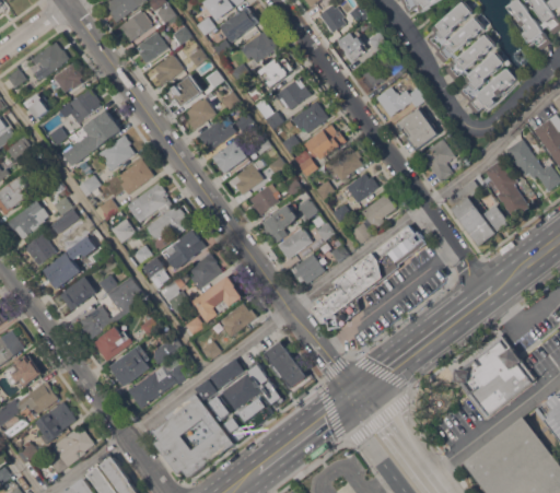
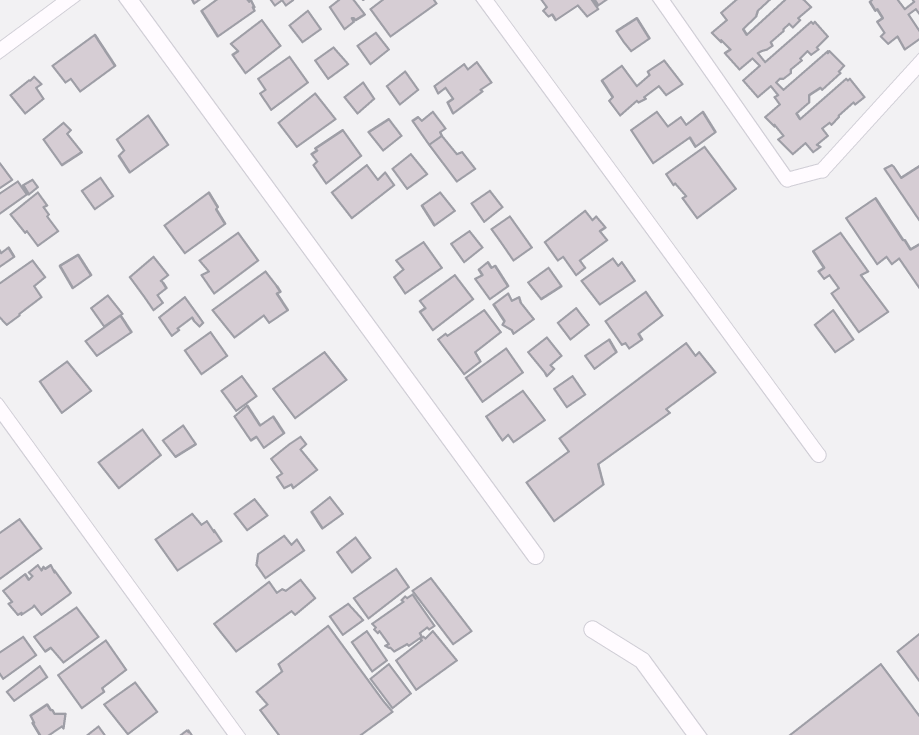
building: [240,32,277,63] -> none
building: [338,32,366,62] -> none
building: [54,63,85,93] -> none
building: [273,78,312,110] -> none
building: [291,101,328,133] -> none
building: [65,111,121,167] -> none
building: [305,125,347,160] -> none
building: [421,140,455,183] -> none
building: [213,141,248,174] -> none
building: [445,179,495,246] -> none
building: [8,202,48,240] -> none
building: [147,208,187,239] -> none
building: [43,237,95,289] -> none
building: [186,254,221,289] -> none
building: [192,277,242,322] -> none
building: [78,278,145,339] -> none
building: [221,304,257,338] -> none
building: [455,336,536,419] -> none
building: [265,341,305,387] -> none
building: [110,347,151,387] -> none

